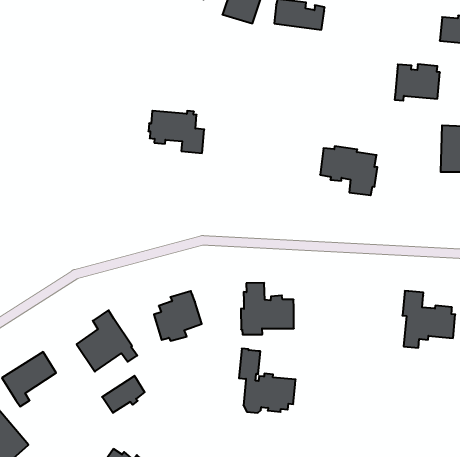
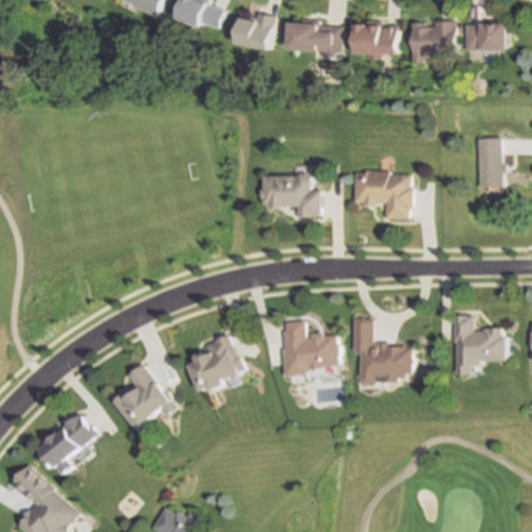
building: none -> [356,26,398,60]
building: [395,64,440,101] -> [413,21,457,60]
building: [148,111,204,153] -> [261,172,319,215]
building: [239,349,296,413] -> [351,319,410,384]
building: [102,376,145,413] -> none

